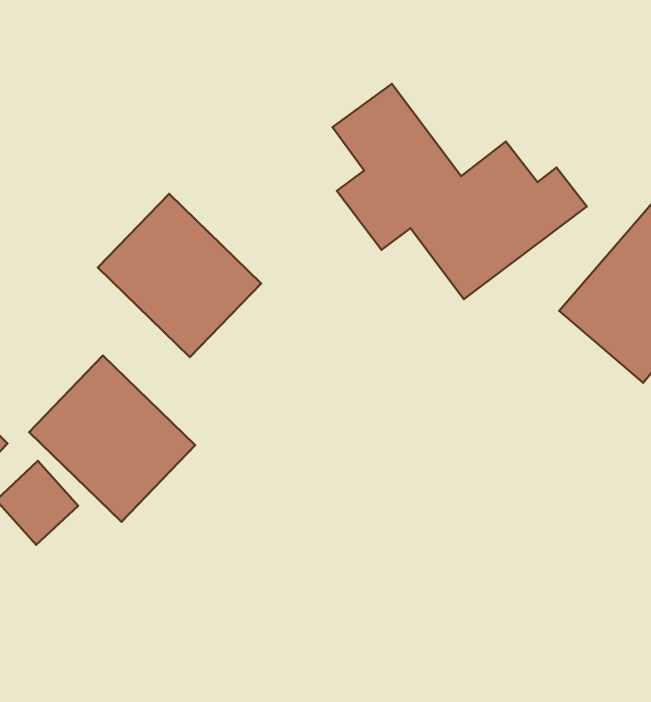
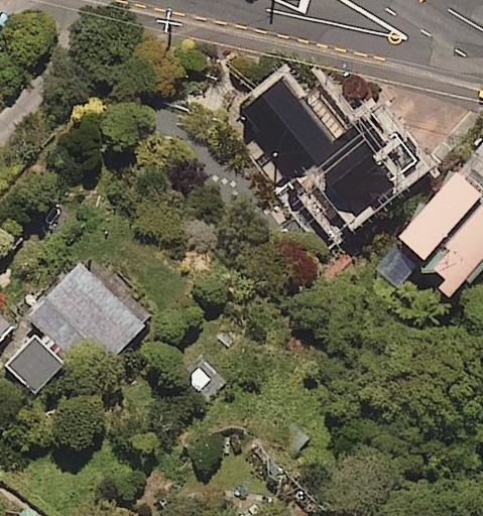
building: [98,194,261,357] -> none

